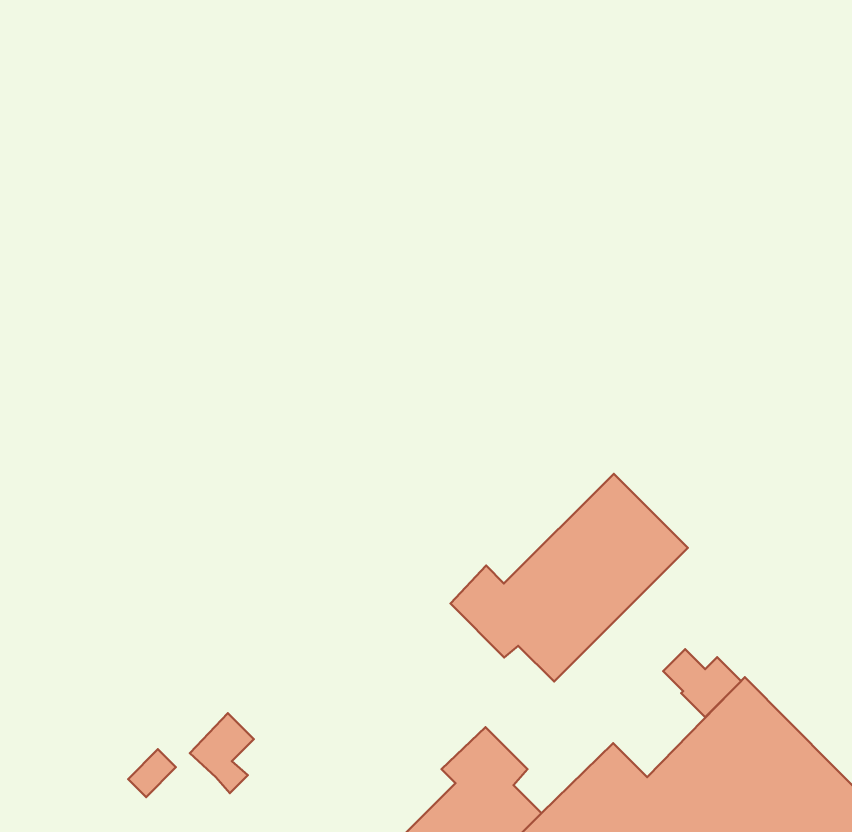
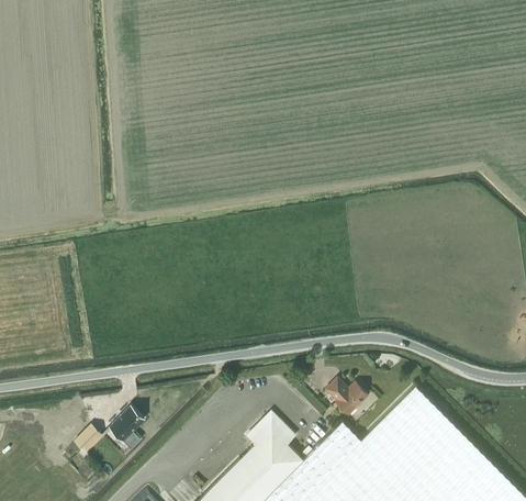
building: [450,474,688,682] -> none
building: [663,649,741,717] -> [325,379,368,416]

